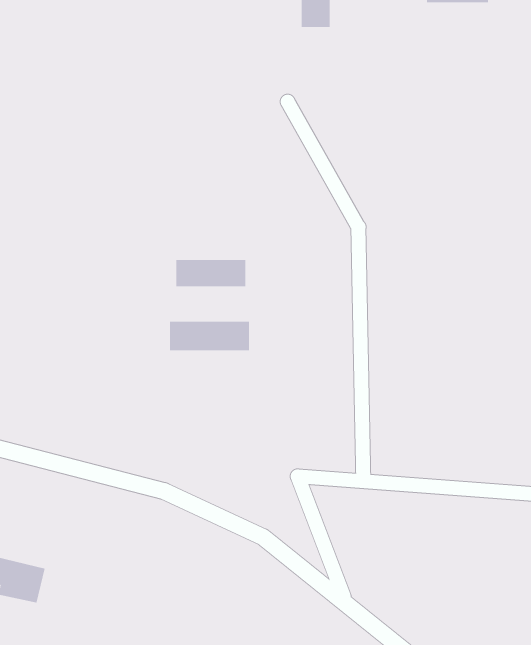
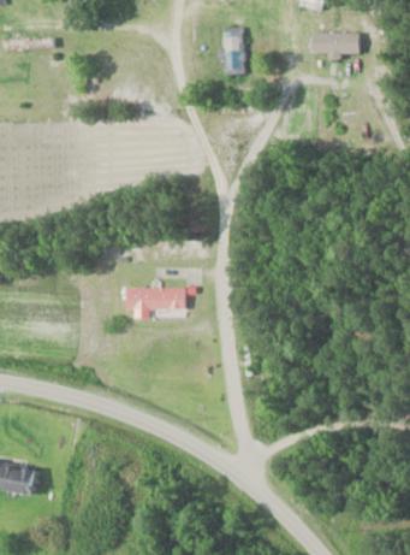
building: [176,259,246,287] -> none

